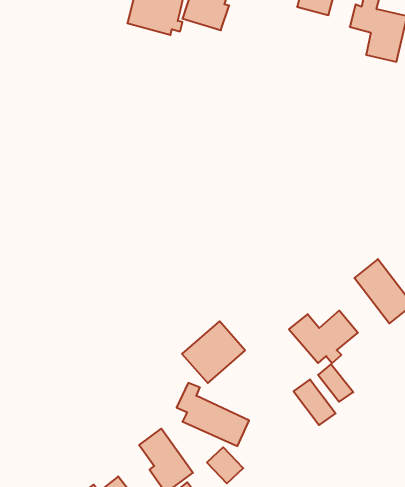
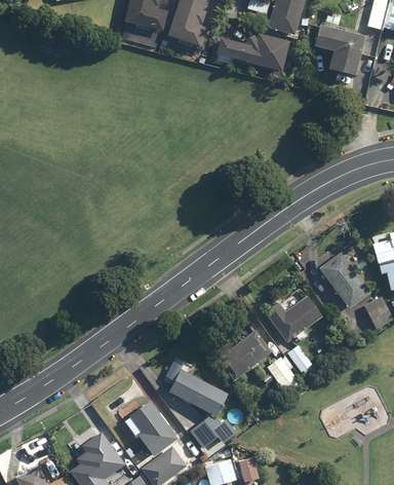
building: none -> [214,33,289,71]
building: [182,321,245,383] -> [218,325,273,379]

